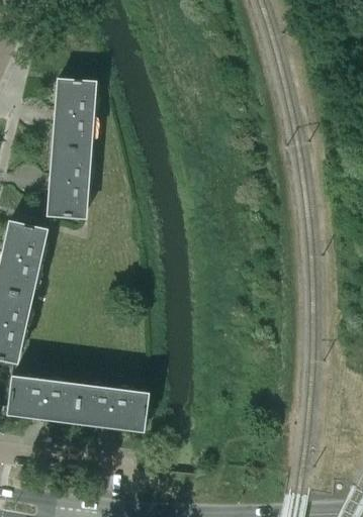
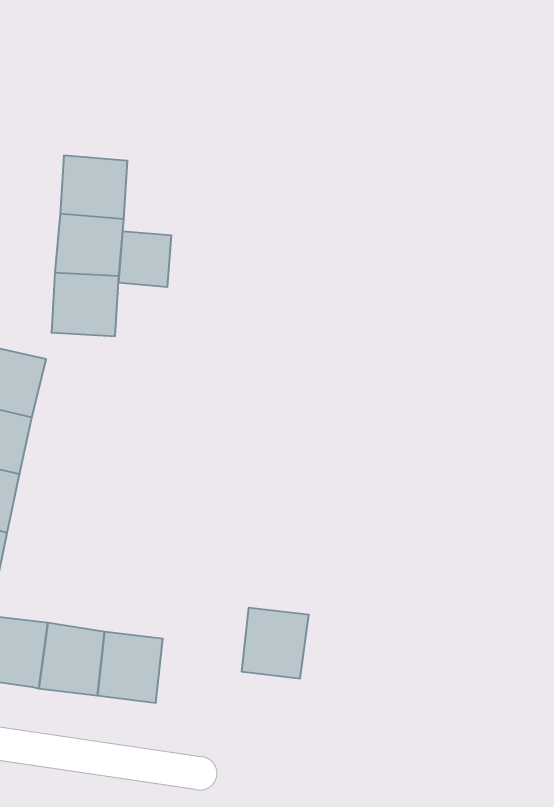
building: [56,80,95,117] -> none
building: none -> [119,231,171,287]
building: [108,390,147,430] -> [242,608,309,679]

